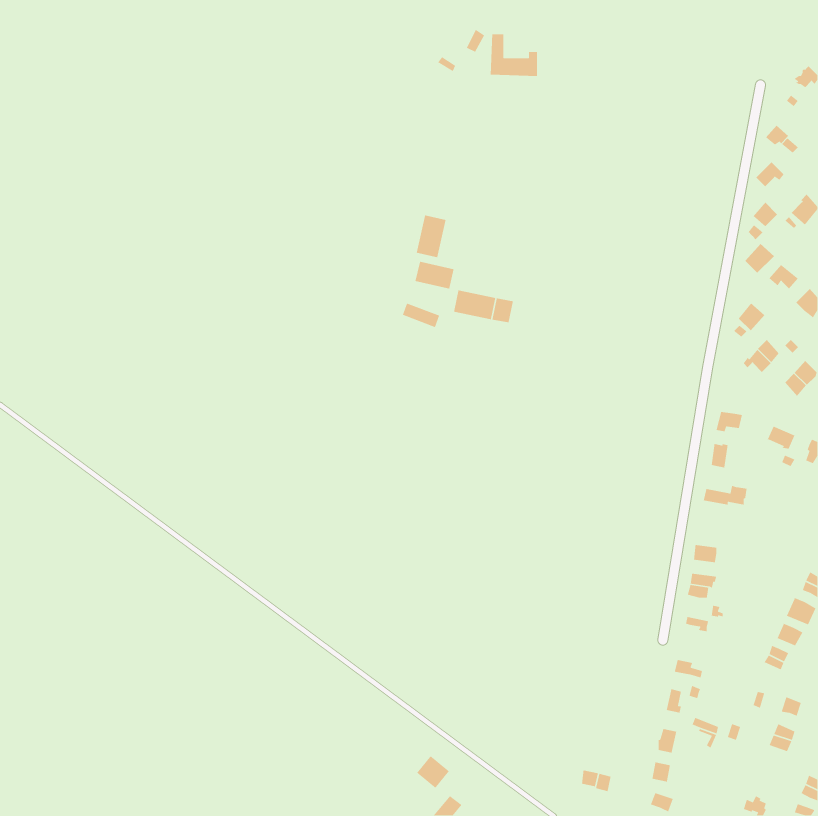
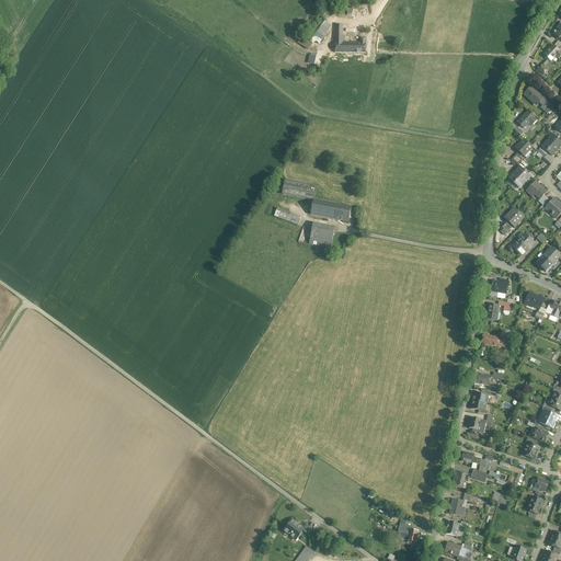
building: [416,215,447,258] -> none
building: none -> [311,222,337,248]

